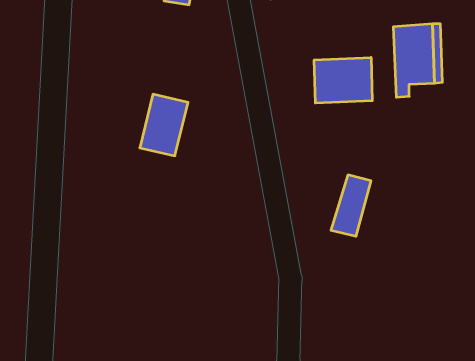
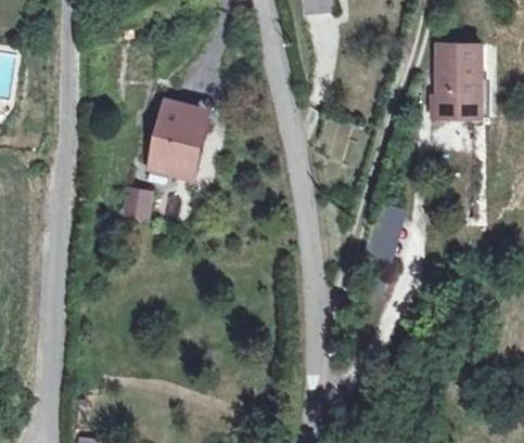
building: [314,57,372,103] -> none
building: none -> [122,186,157,222]

